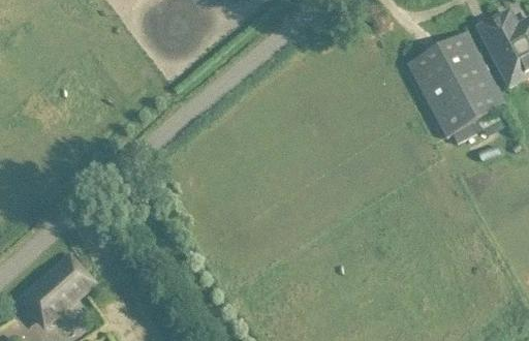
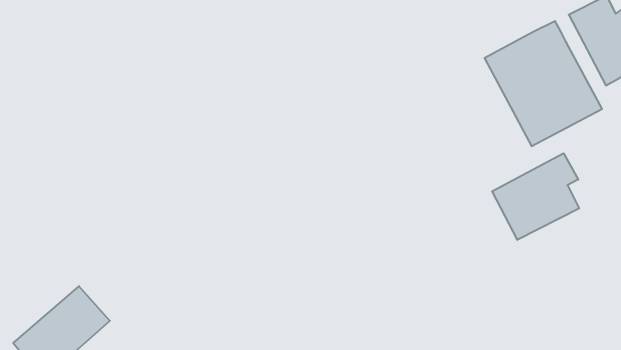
building: none -> [492,153,579,240]

